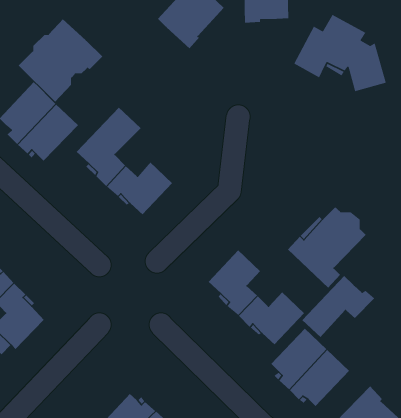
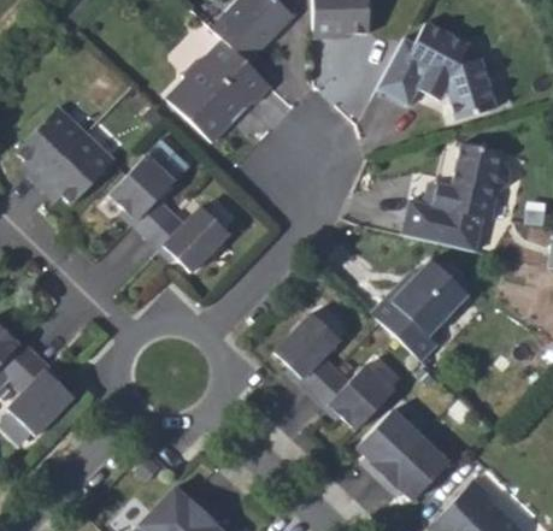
building: [18,18,103,103] -> [166,40,271,143]
building: none -> [402,136,504,250]
building: [302,275,375,338] -> none

